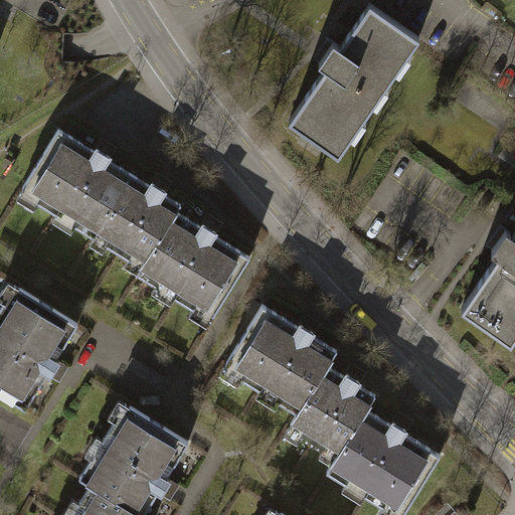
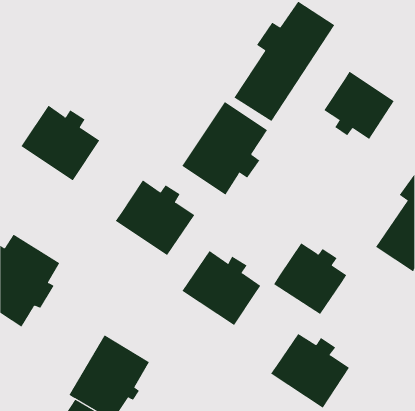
building: none -> [323,71,394,140]
building: none -> [181,101,268,195]
building: [91,179,182,269] -> none
building: [283,368,374,458] -> [273,243,347,315]

